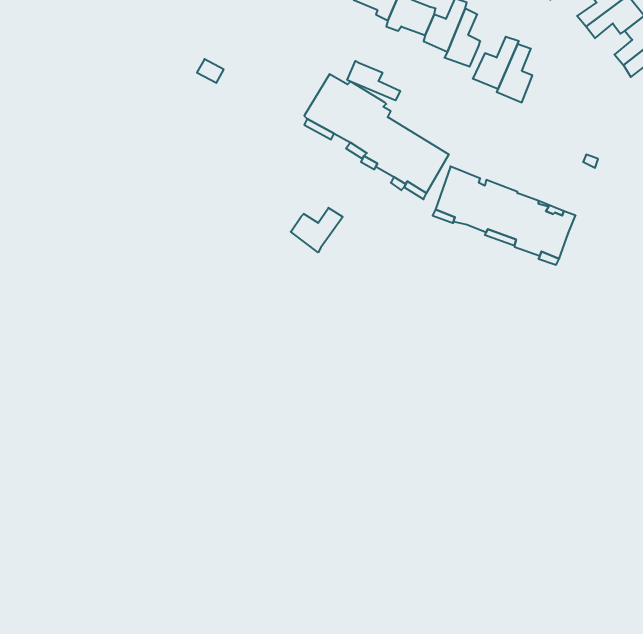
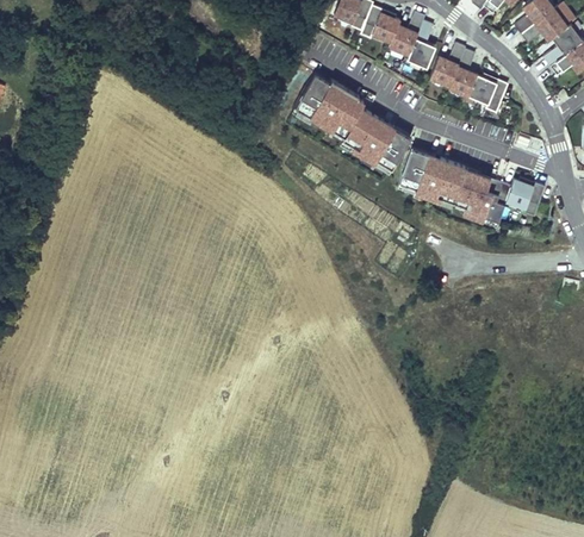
building: [347,61,400,100] -> none
building: none -> [468,75,508,112]
building: none -> [505,180,545,216]
building: [291,208,343,252] -> none

